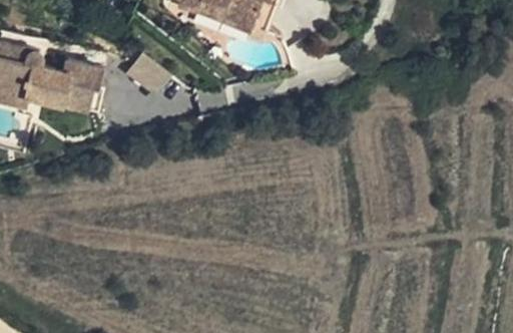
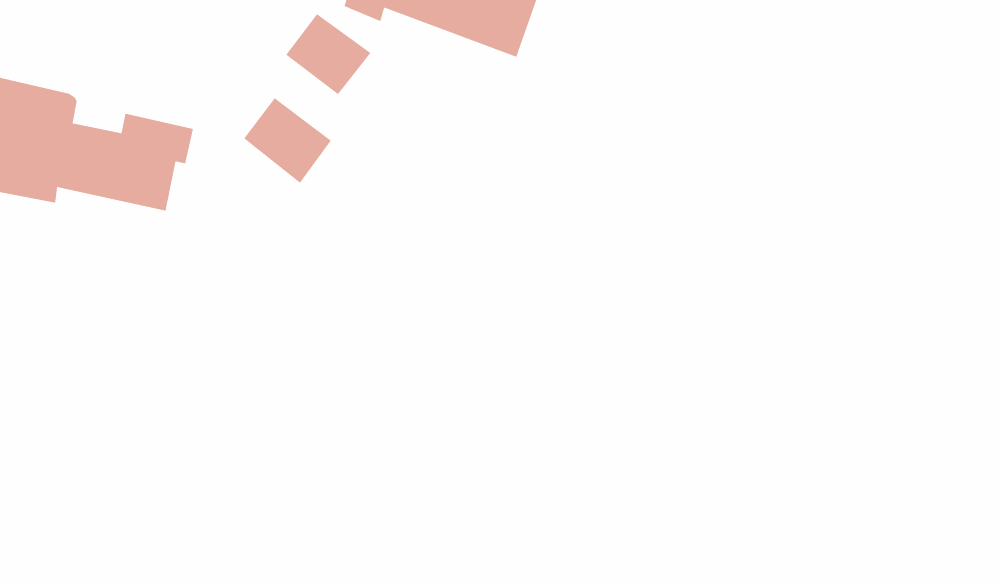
building: none -> [285,13,372,95]

